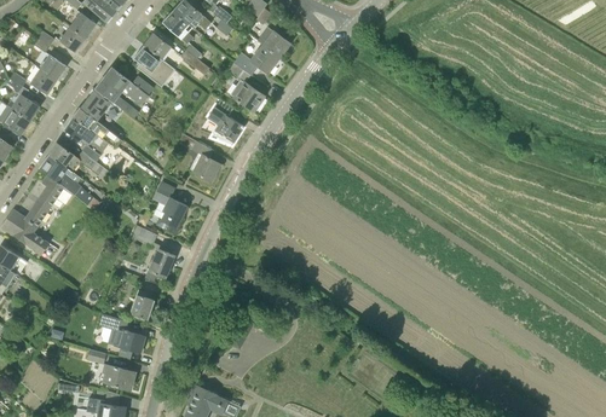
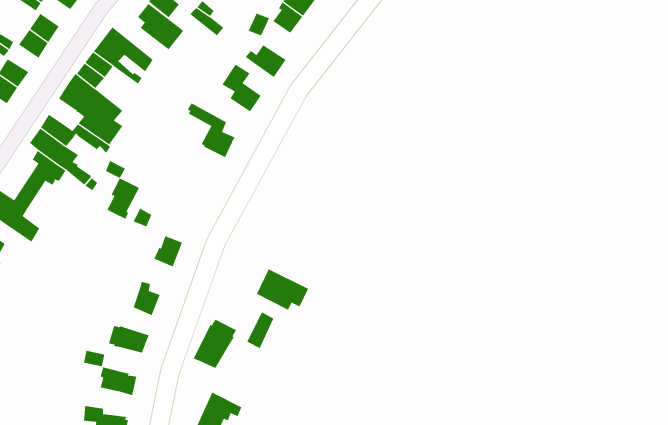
building: [156,181,186,233] -> [105,160,140,220]
building: none -> [256,269,309,311]
building: none -> [193,319,237,369]

